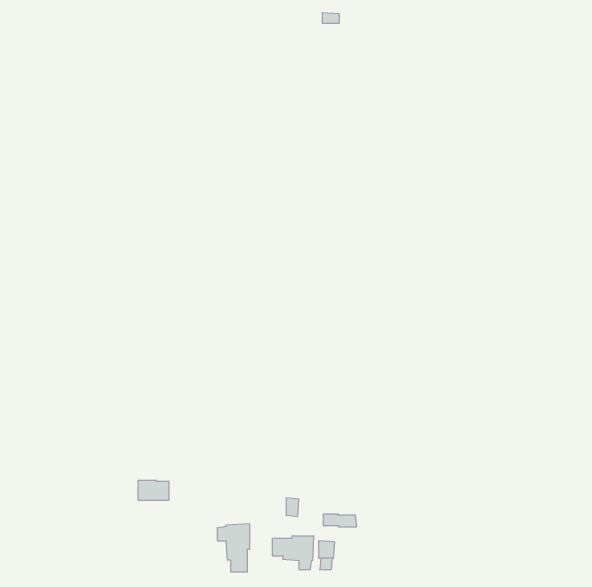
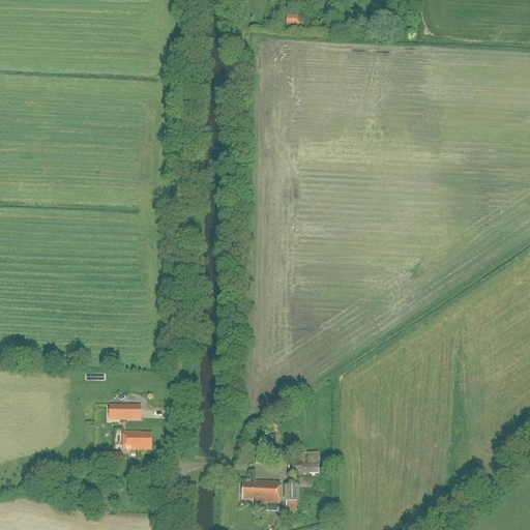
building: none -> [109,403,141,417]
building: [217,524,250,572] -> none

